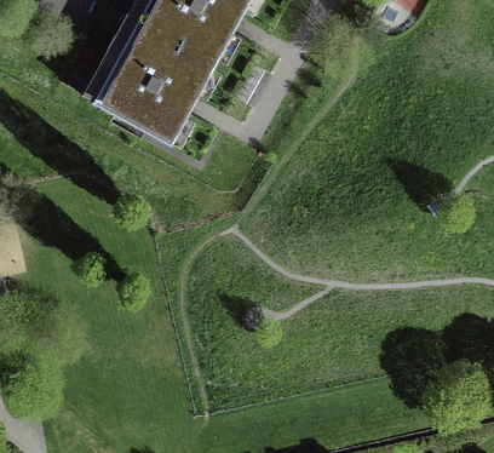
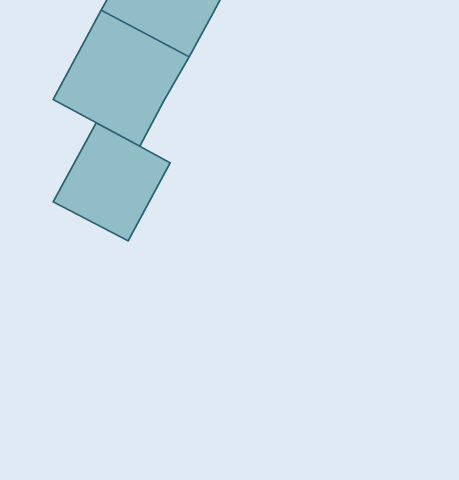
building: none -> [53,123,170,241]

